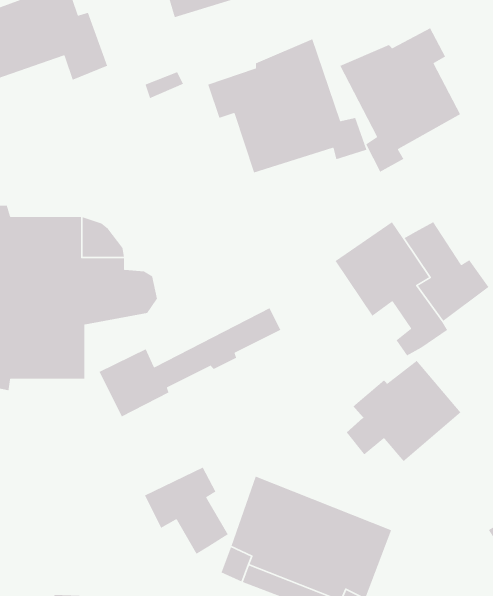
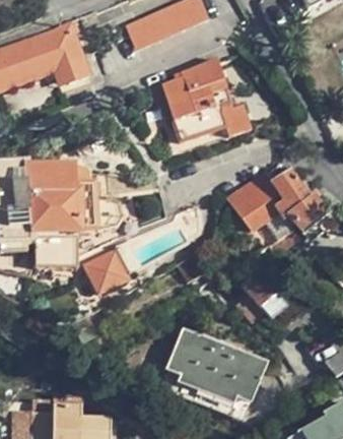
building: [339,27,461,173] -> none
building: [144,466,229,555] -> none

